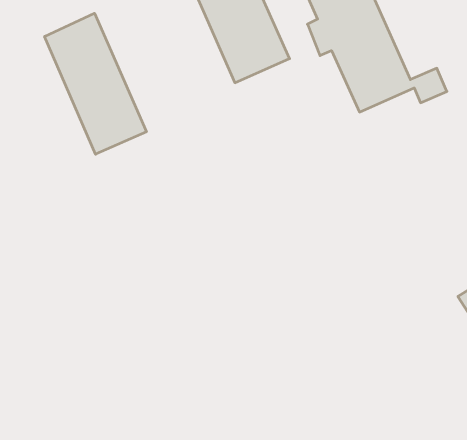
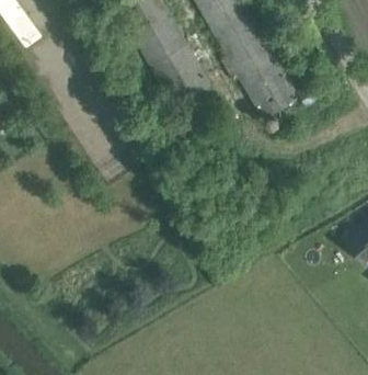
building: [45,13,146,154] -> none

